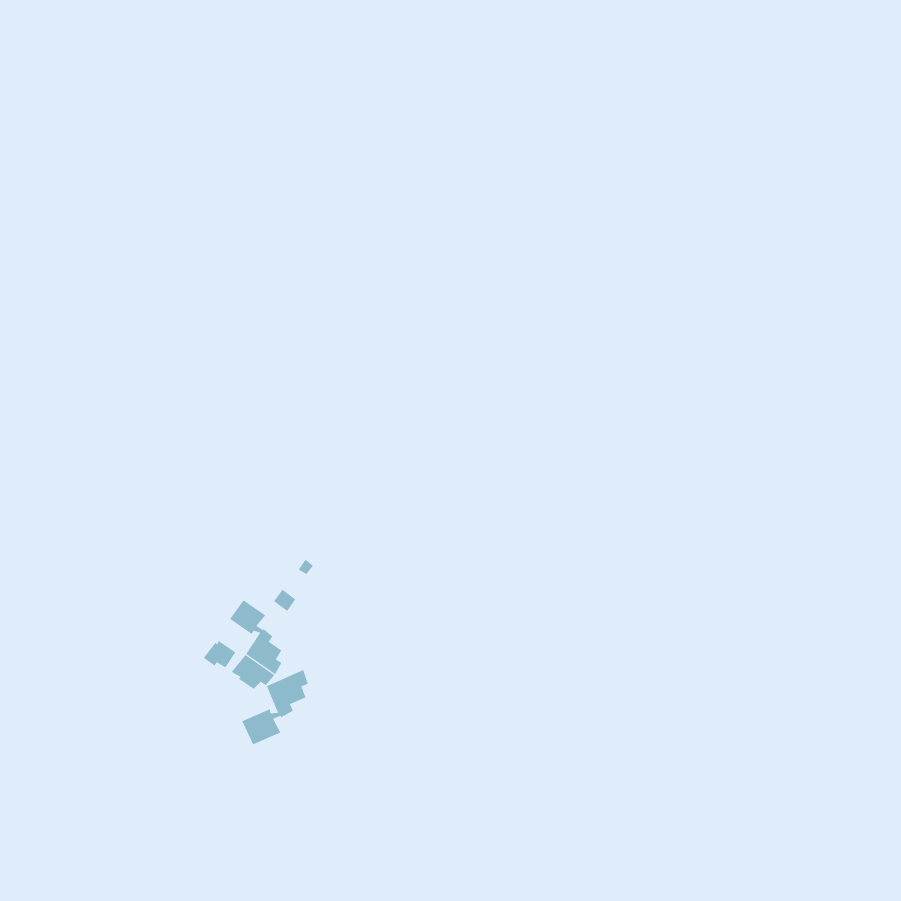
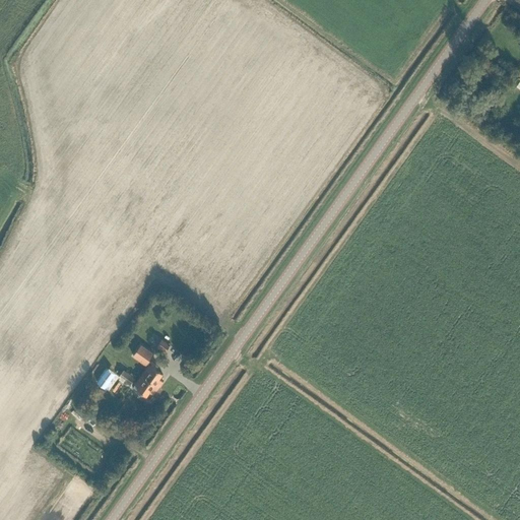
building: [242,669,309,745] -> none

